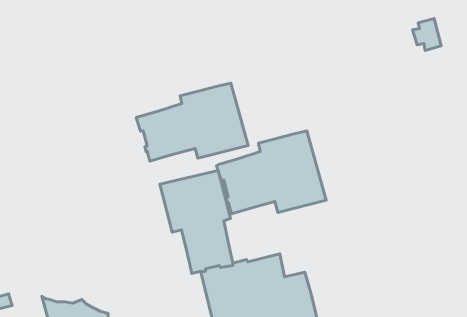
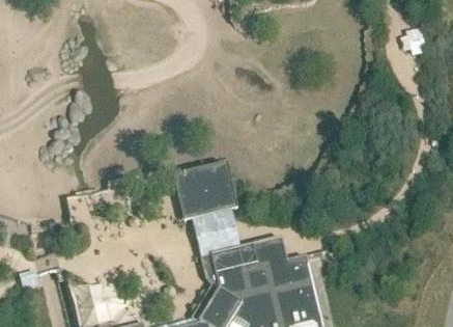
building: [136,83,248,161] -> none
building: [216,131,326,214] -> none

